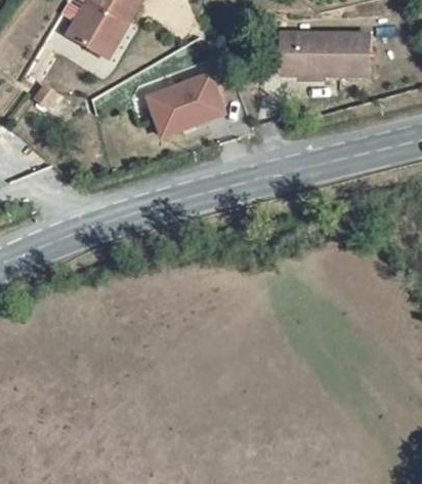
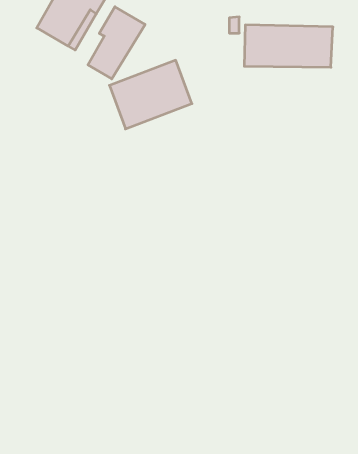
building: none -> [88,7,145,79]

